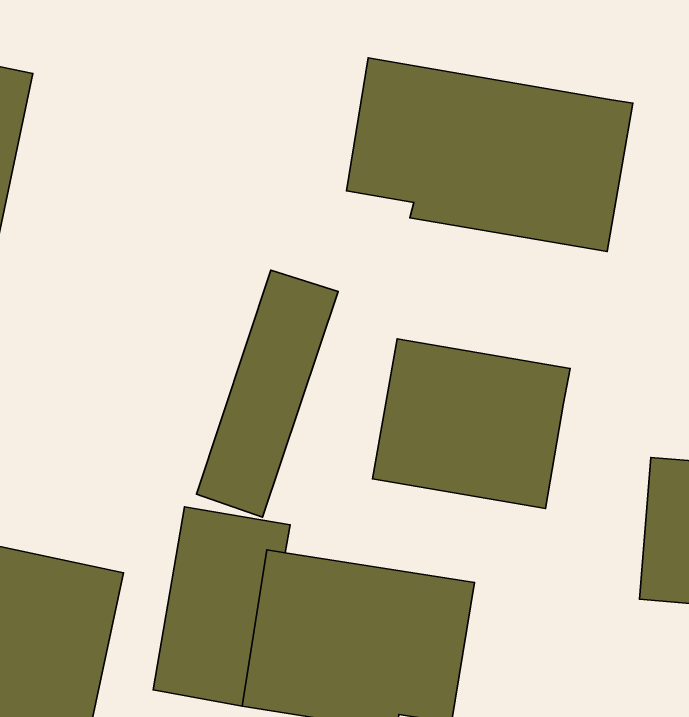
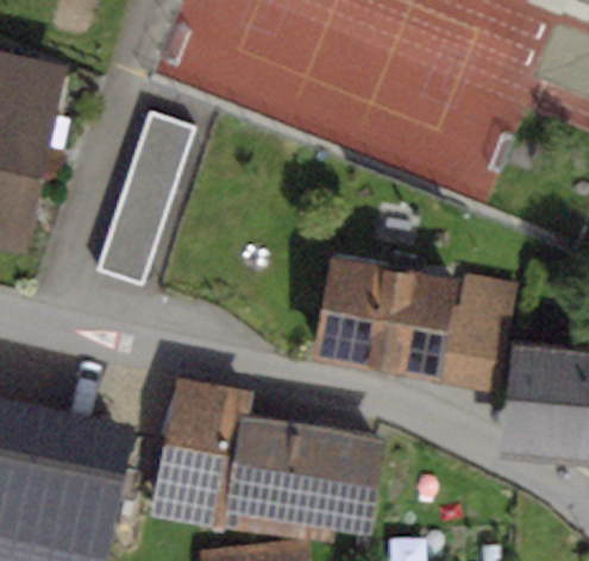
building: [347,58,633,251] -> none
building: [197,270,338,517] -> [93,112,195,290]
building: none -> [437,273,515,391]

